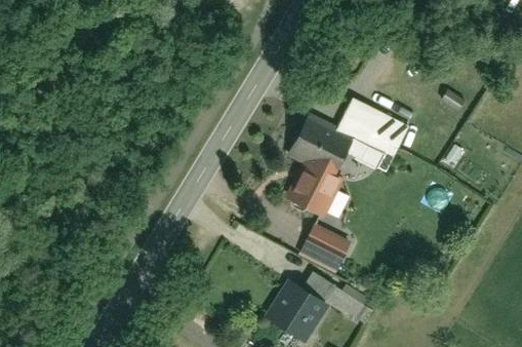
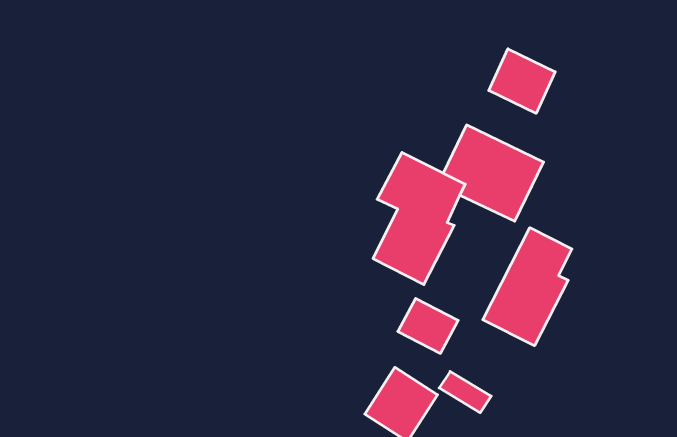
building: none -> [489,49,555,113]
building: none -> [483,228,572,346]

